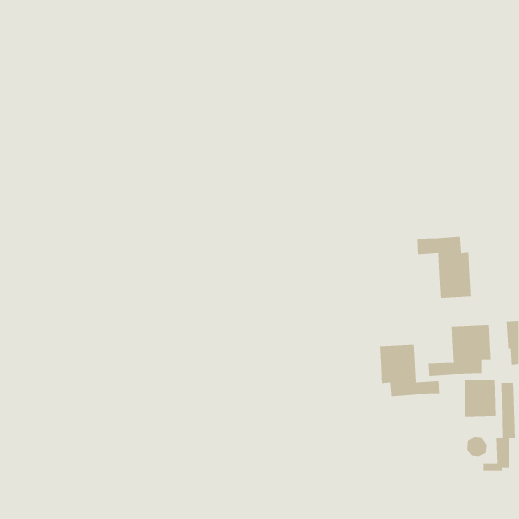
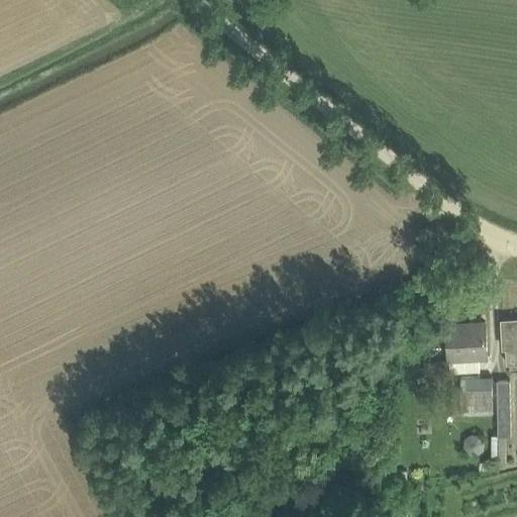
building: [417,236,471,299] -> none
building: [379,344,440,397] -> none

